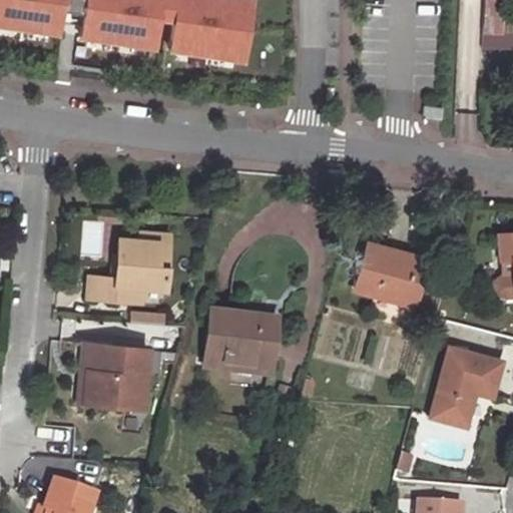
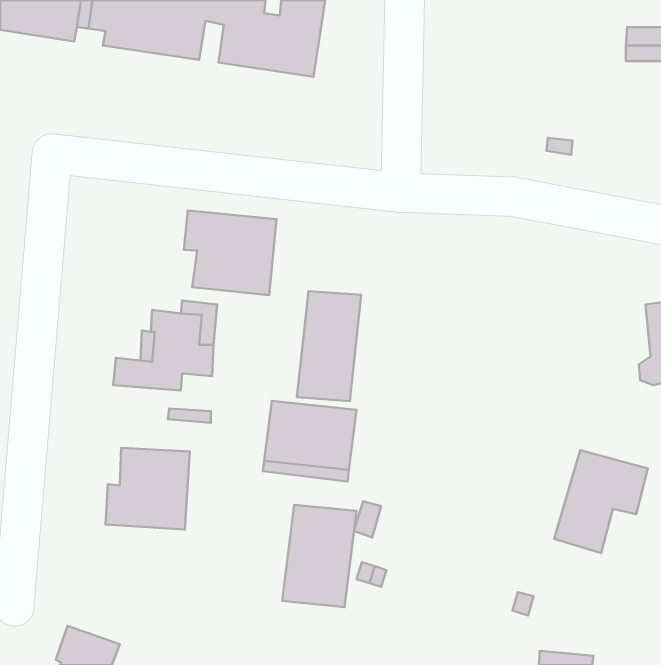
building: none -> [184,211,277,295]
building: none -> [297,291,361,401]
building: [357,244,427,300] -> none
building: none -> [282,505,356,607]

